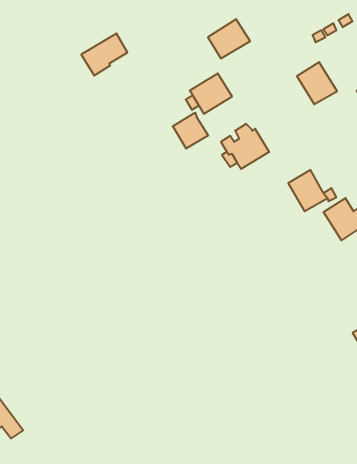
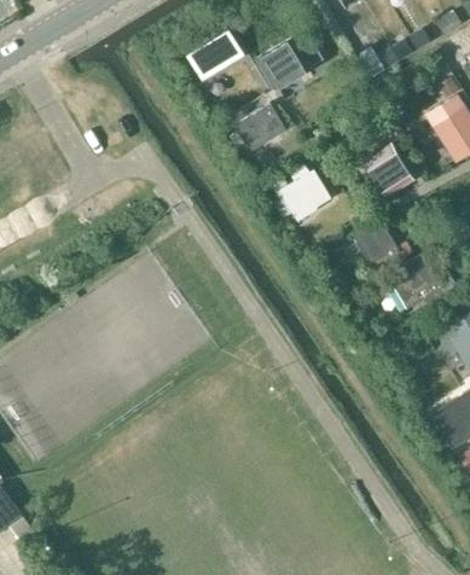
building: [81,33,127,76] -> [186,29,242,80]
building: [297,62,337,104] -> [365,145,413,196]
building: [173,113,208,149] -> none

